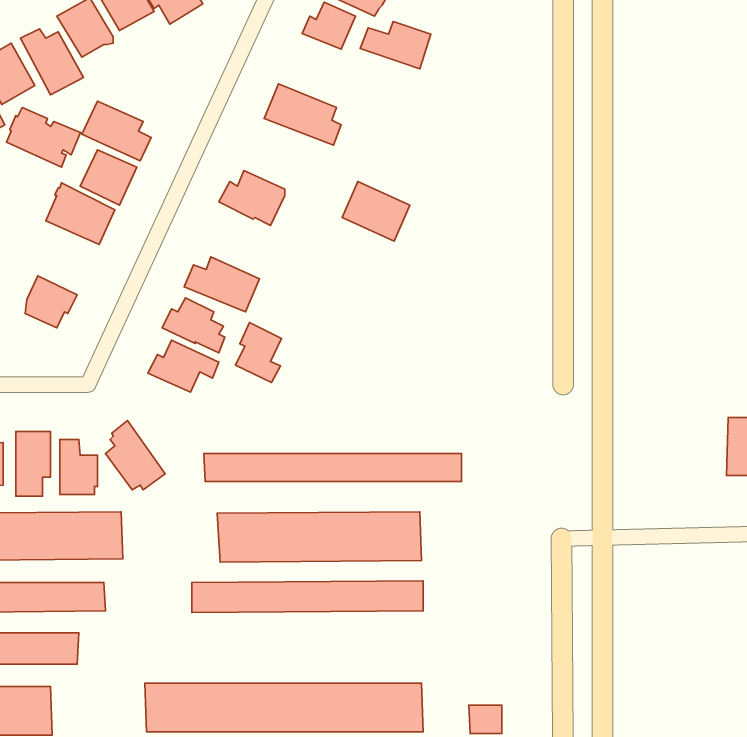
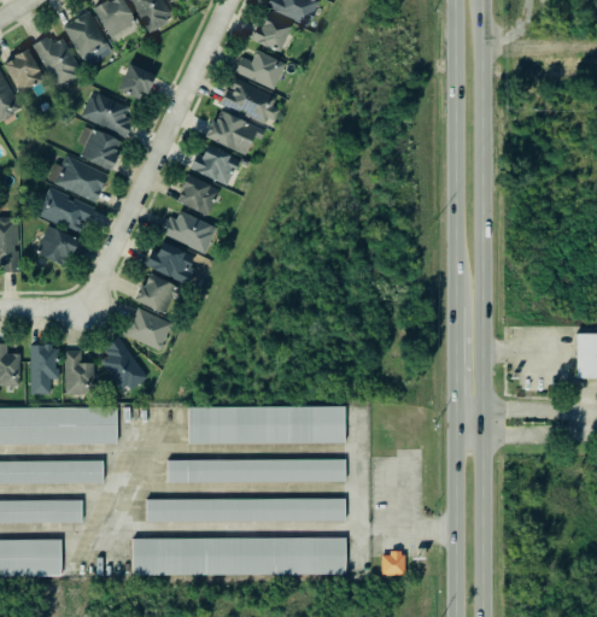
building: [360,22,431,69] -> [232,52,286,88]
building: none -> [121,65,154,100]
building: [7,107,80,167] -> [37,187,94,233]
building: [342,181,410,241] -> [207,110,259,155]
building: none -> [175,175,220,216]
building: [235,322,281,383] -> none
building: none -> [125,307,171,351]
building: [204,453,462,482] -> [145,499,343,521]

